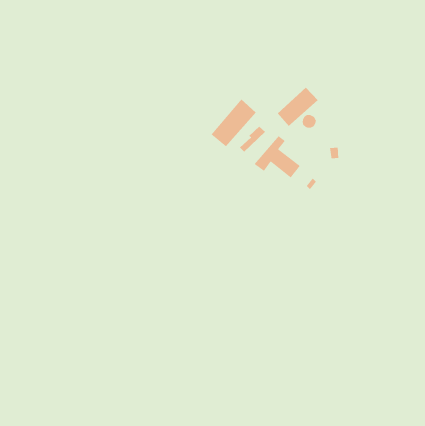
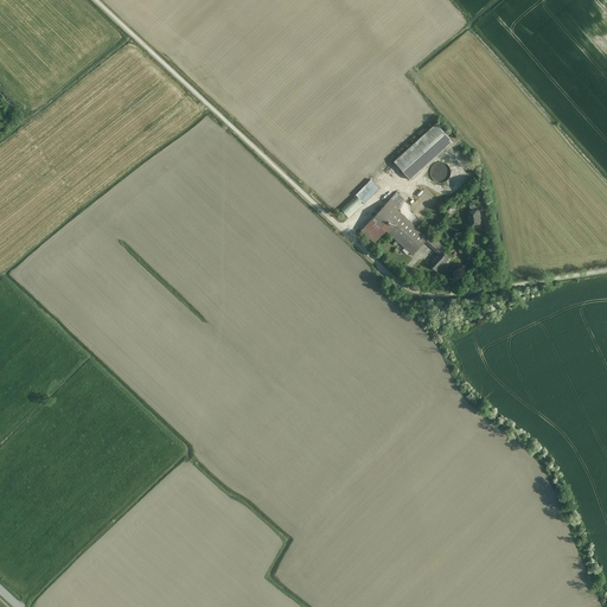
building: [211,99,257,147] -> none

